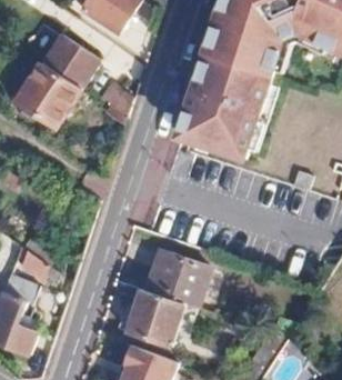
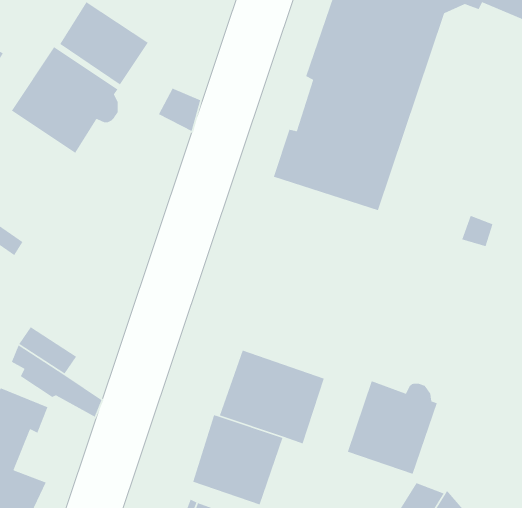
building: none -> [347,380,438,475]

